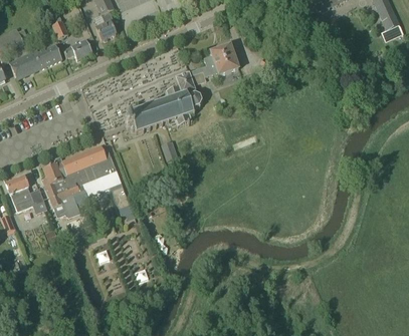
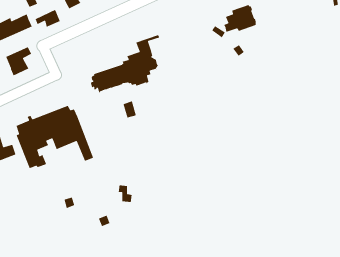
building: [201,43,238,75] -> [223,4,257,33]
building: none -> [5,46,32,76]

